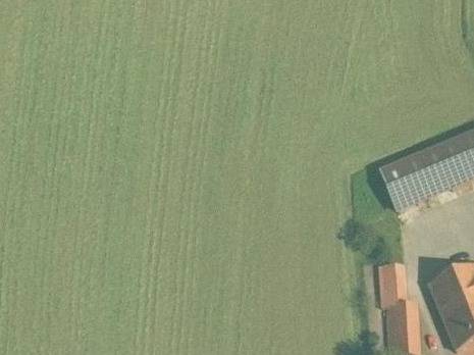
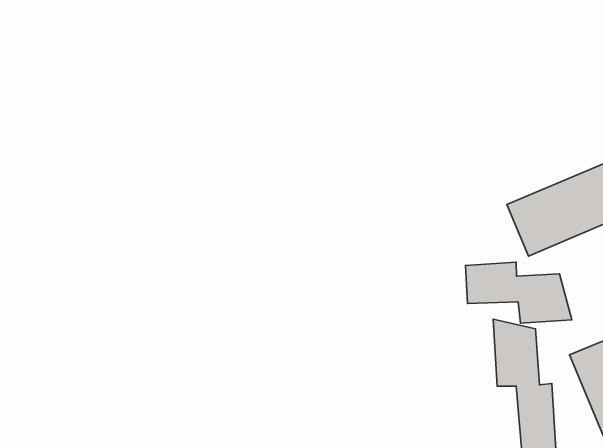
building: none -> [466,262,572,323]

